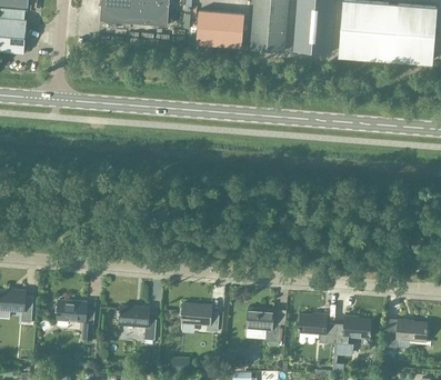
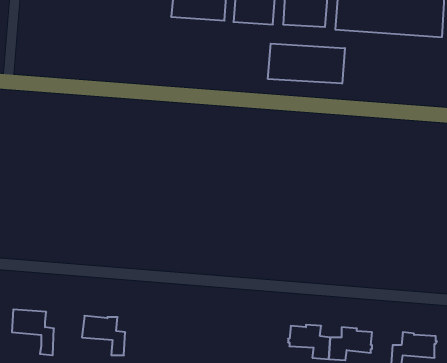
building: none -> [268,44,345,84]
building: [181,303,219,332] -> none
building: [247,309,280,342] -> none

